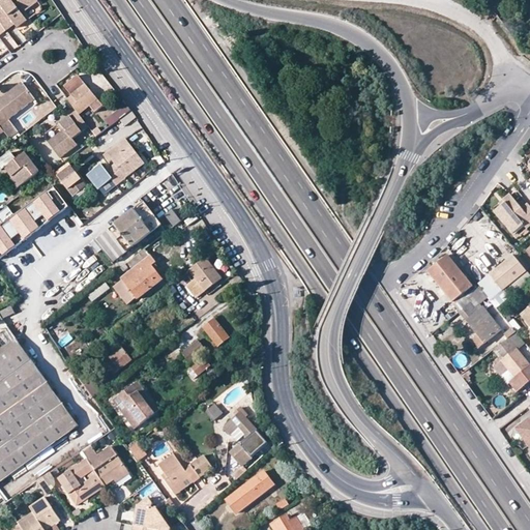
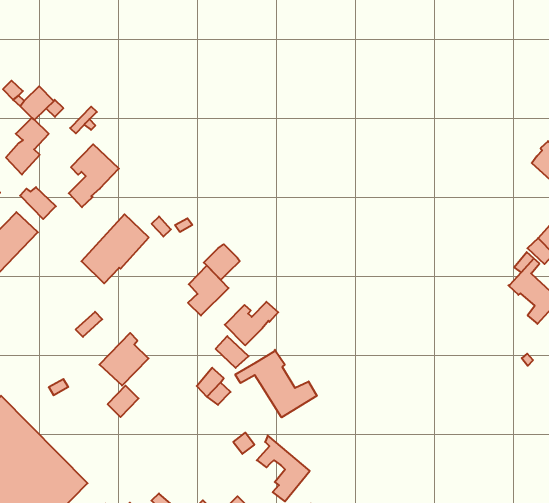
building: none -> [204,244,240,280]
building: [428,254,472,300] -> none
building: [119,255,161,298] -> [99,333,149,386]
building: none -> [225,302,278,345]
building: none -> [235,350,317,417]
building: [112,380,160,429] -> none

